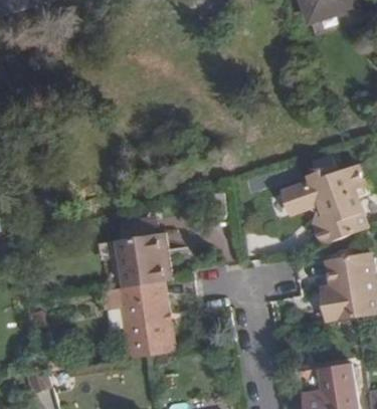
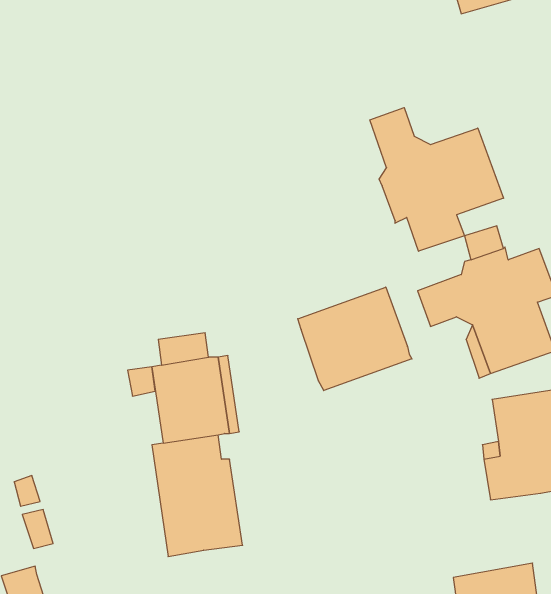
building: none -> [370,108,504,251]
building: none -> [298,287,412,391]

